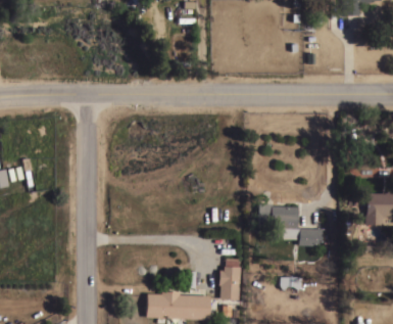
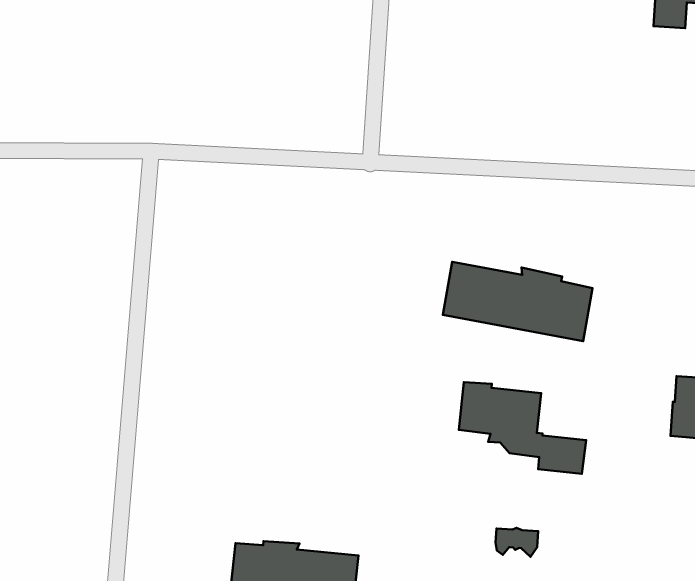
building: none -> [443,262,593,341]
building: [219,258,241,299] -> none

